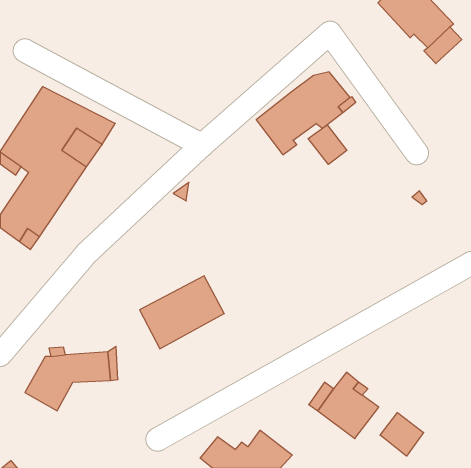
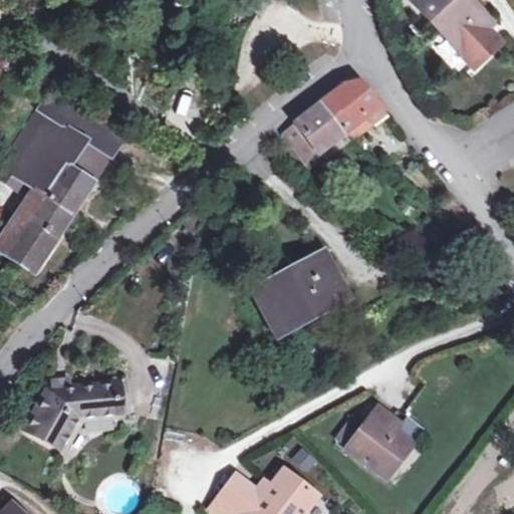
building: [308,125,347,164] -> none
building: [140,276,224,349] -> [255,252,347,331]
building: [380,413,424,456] -> none

